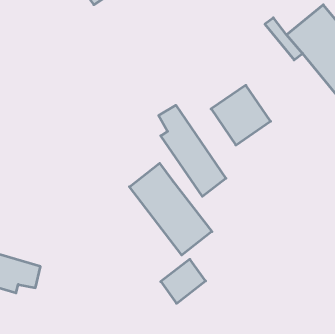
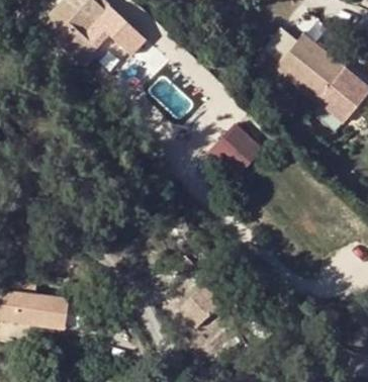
building: [159,105,226,196] -> none
building: [129,163,212,255] -> none

